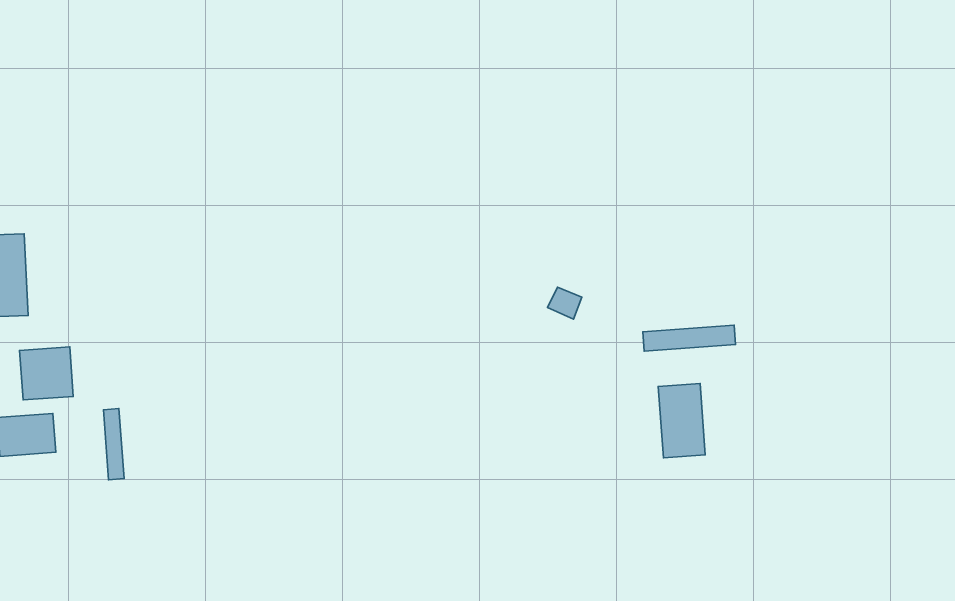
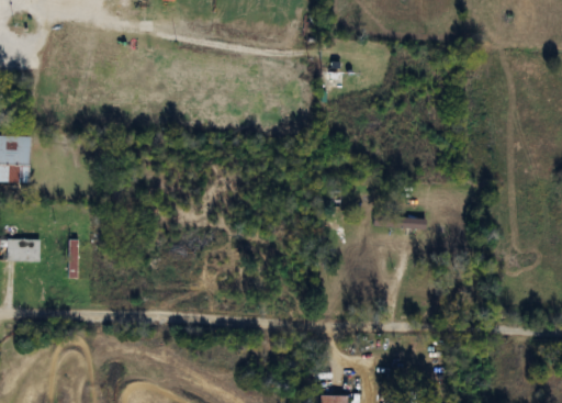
building: [20,347,73,400] -> none
building: [658,383,705,458] -> none

